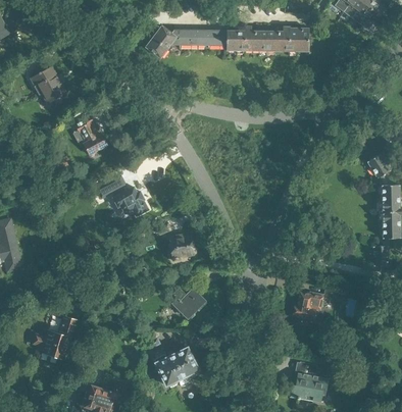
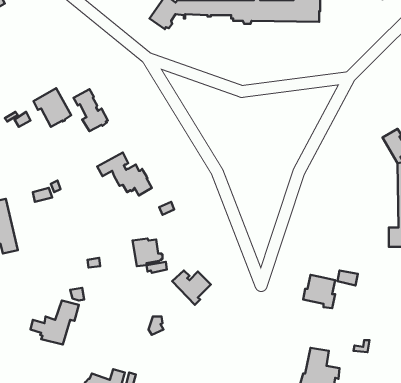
building: [30,66,65,103] -> [34,88,71,127]
building: [167,234,196,260] -> [133,238,163,266]
building: [151,348,198,387] -> none

